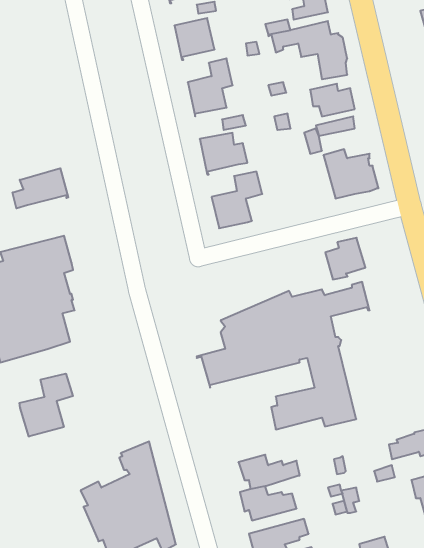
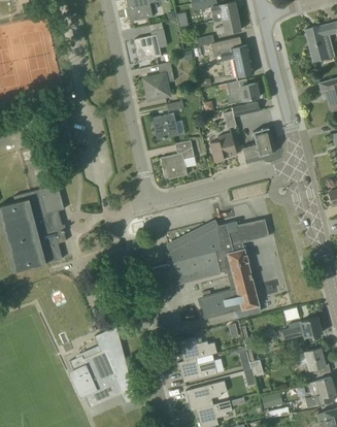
building: [13,168,68,208] -> none
building: [325,238,365,279] -> [209,133,237,162]
building: [19,374,73,437] -> none

